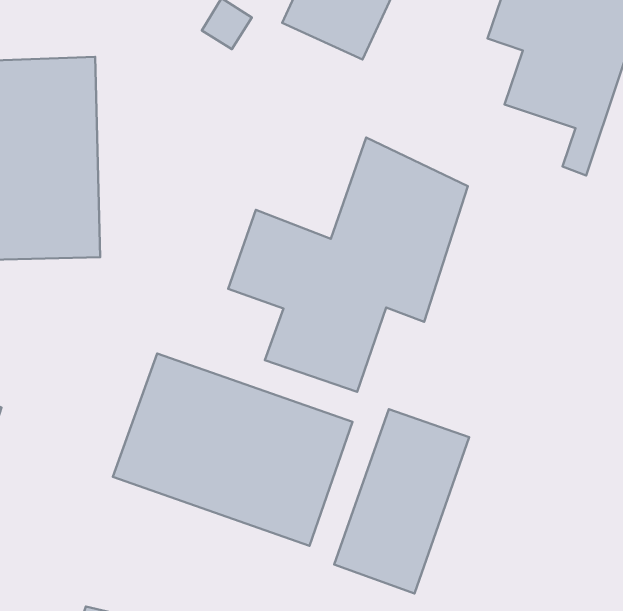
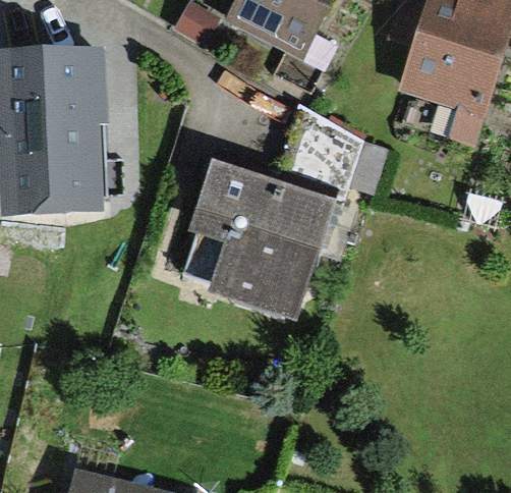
building: [113,353,353,546] -> none
building: [334,409,469,594] -> none

